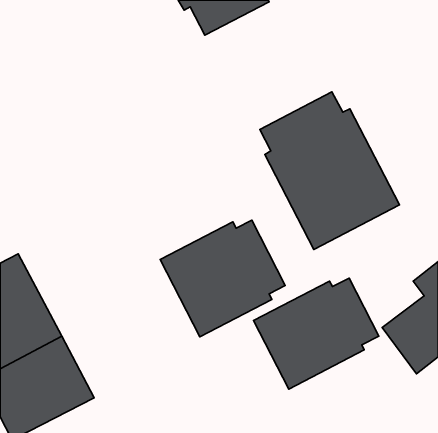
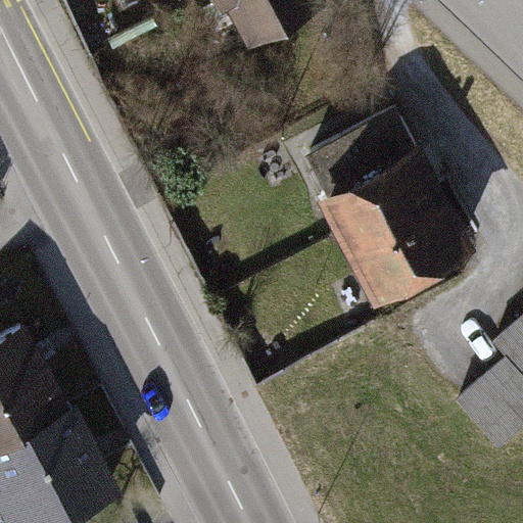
building: [160,220,285,337] -> none
building: [253,278,379,389] -> none

